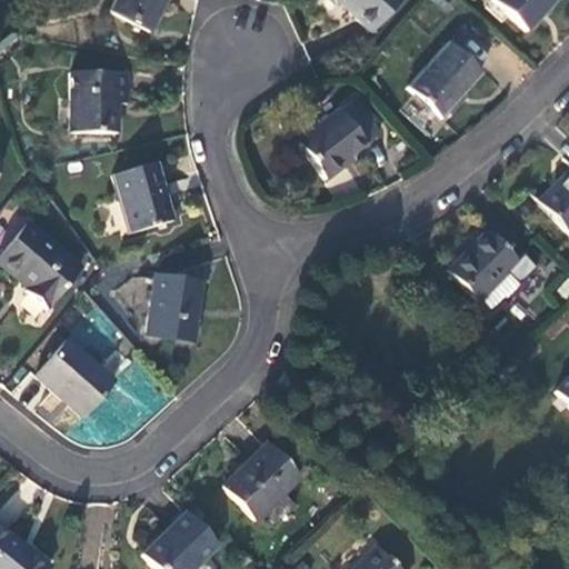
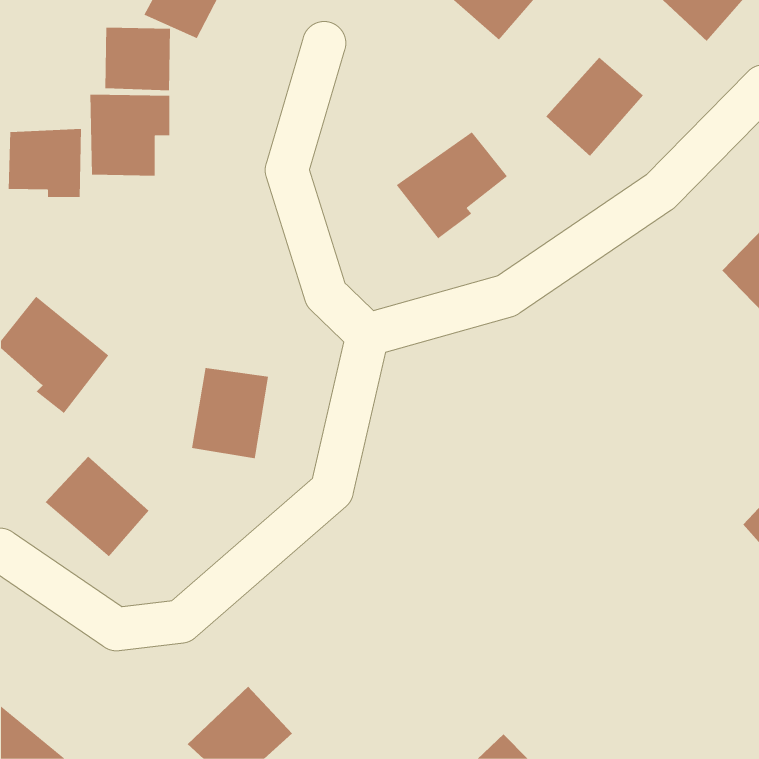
building: none -> [105,27,171,91]
building: none -> [8,128,82,198]
building: [117,161,176,231] -> none
building: [448,230,529,308] -> none
building: [223,441,302,525] -> none

